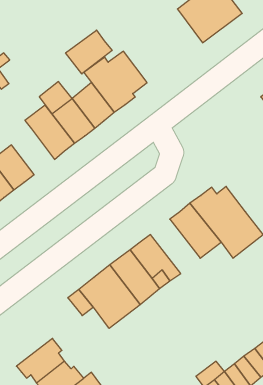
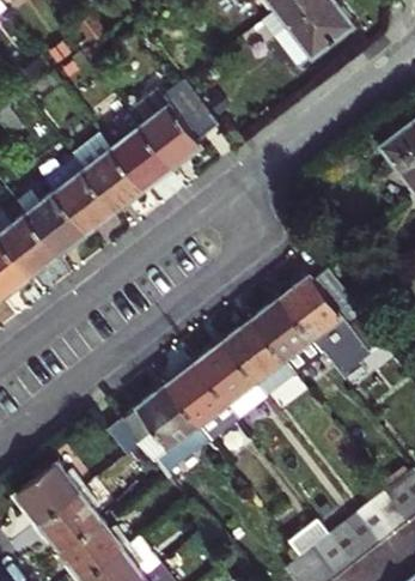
building: [66,30,112,74] -> none
building: none -> [17,190,86,255]
building: none -> [222,319,293,395]
building: none -> [16,461,84,527]

